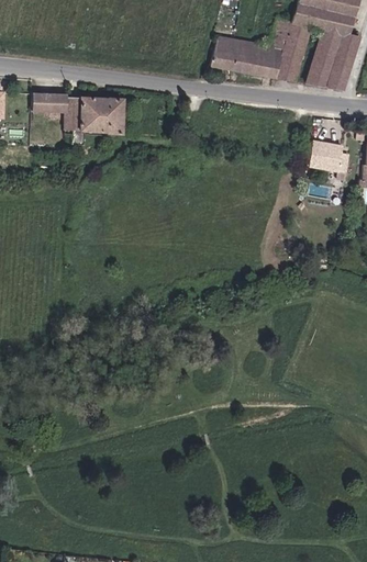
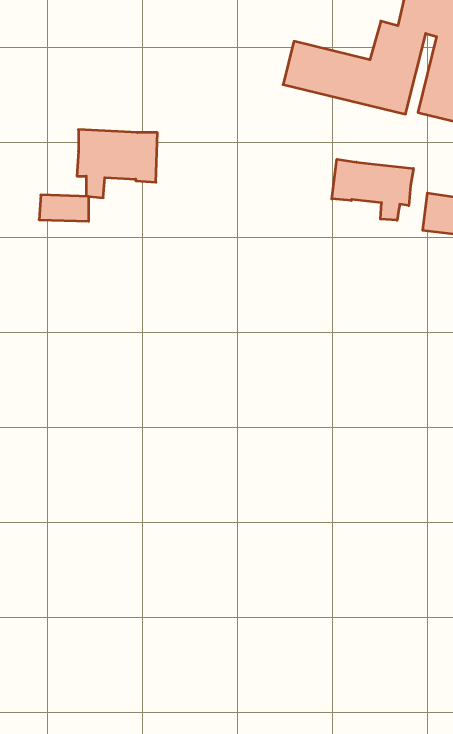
building: [30,92,65,111] -> [39,195,89,221]
building: none -> [332,159,413,220]

